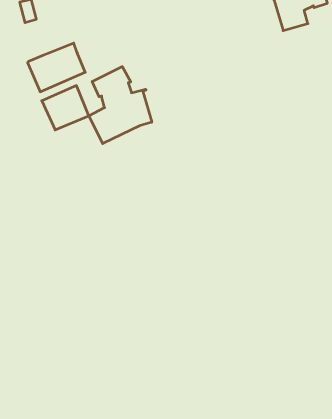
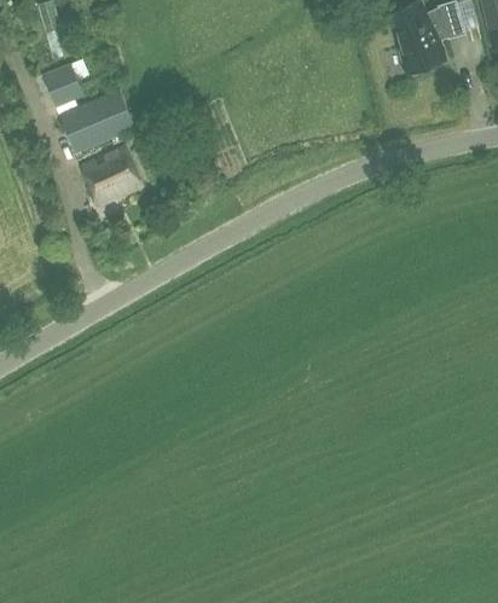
building: none -> [42,59,89,114]
building: [89,67,152,144] -> none

